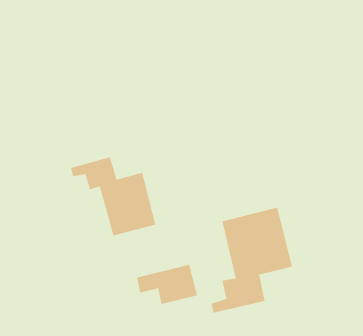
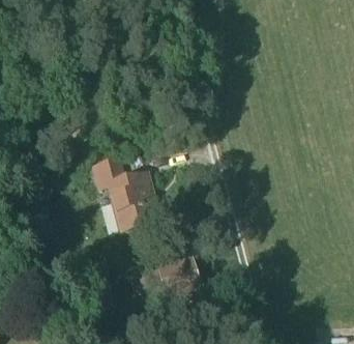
building: [211,207,293,313] -> none

